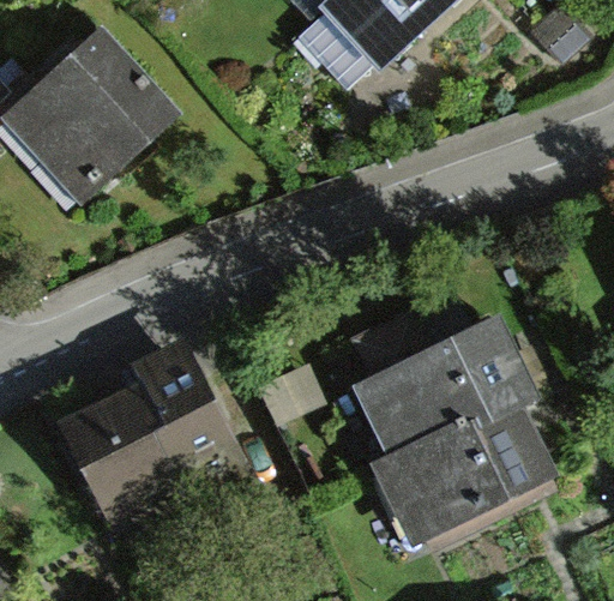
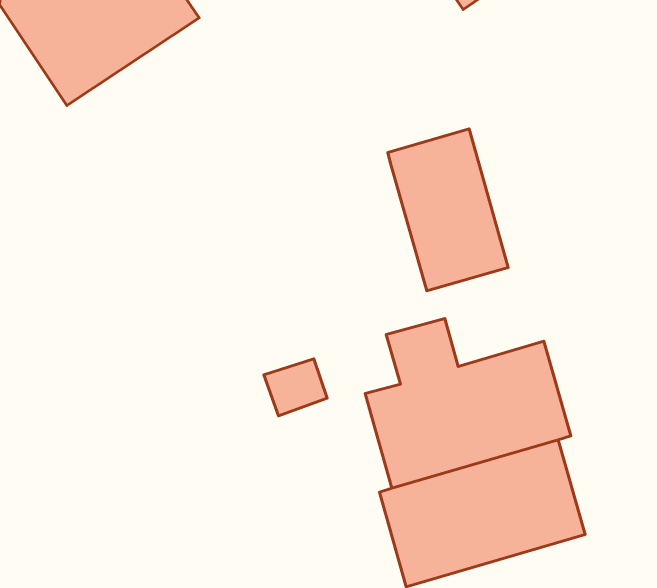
building: none -> [388,129,508,291]
building: [64,349,231,521] -> none

